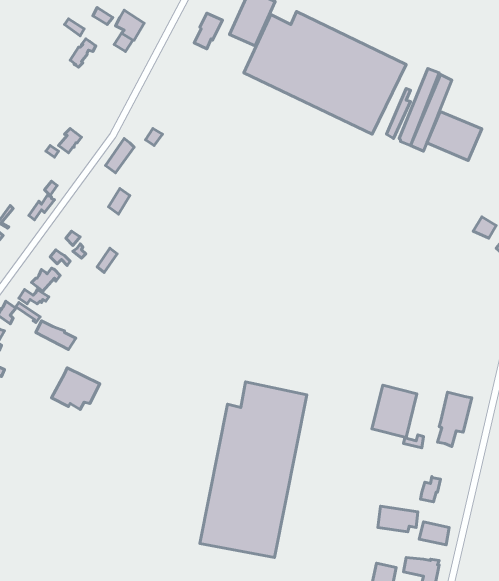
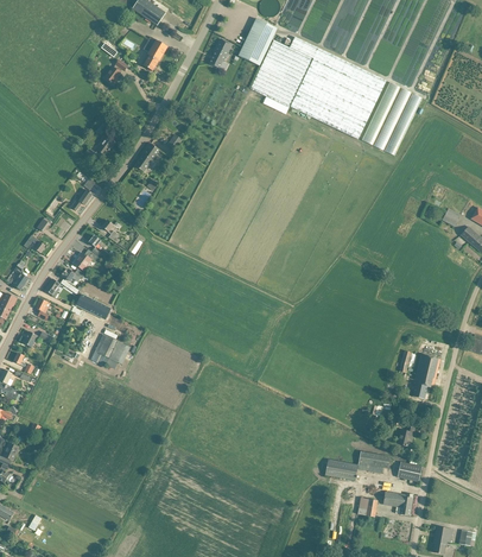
building: [427,111,482,160] -> none
building: [200,382,307,558] -> none
building: [372,385,417,437] -> none
building: none -> [325,458,357,481]

